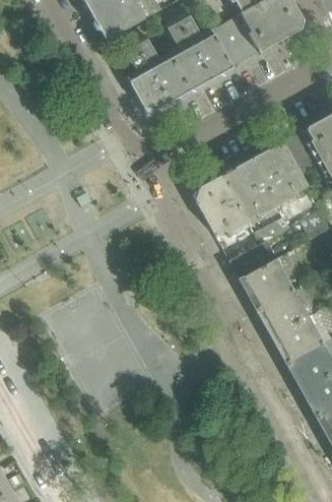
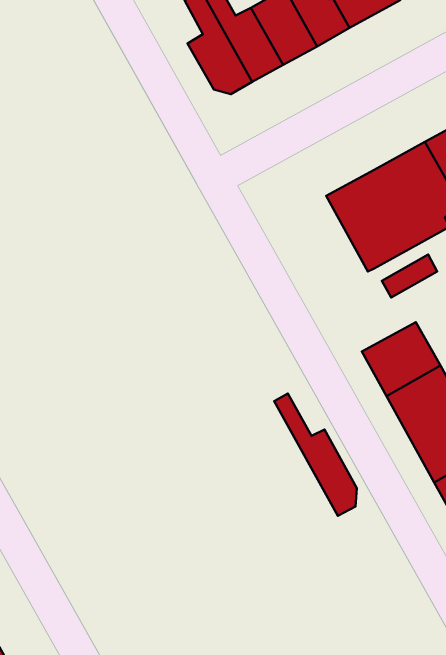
building: [196,178,247,238] -> none
building: [230,242,277,280] -> none
building: none -> [274,393,357,516]

